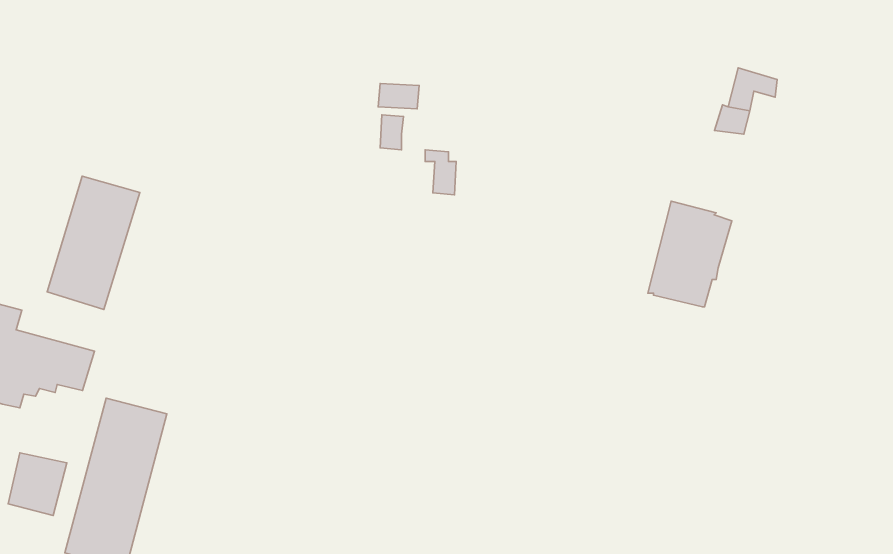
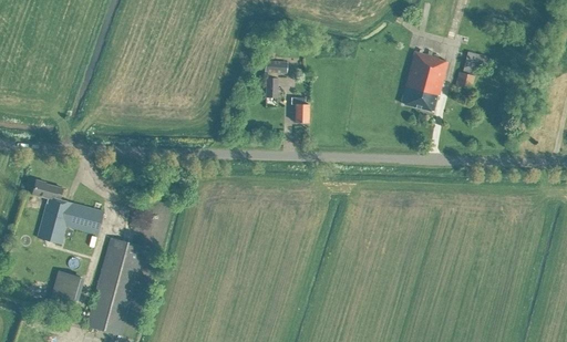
building: [47,176,140,309] -> none
building: [648,201,732,307] -> [400,51,447,111]

